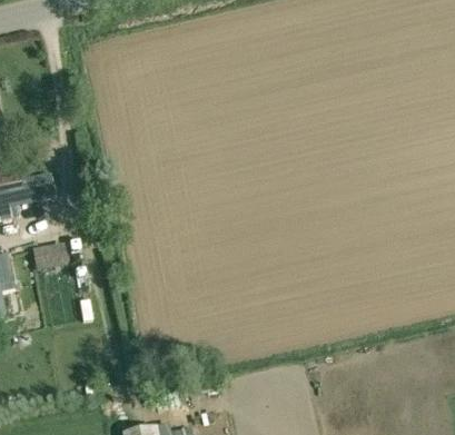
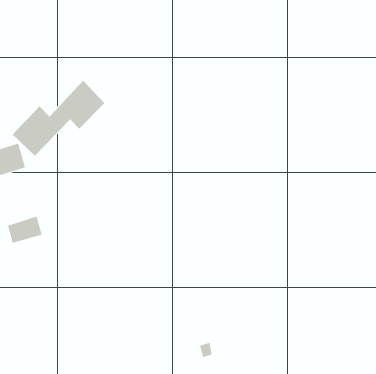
building: none -> [12,80,105,156]

